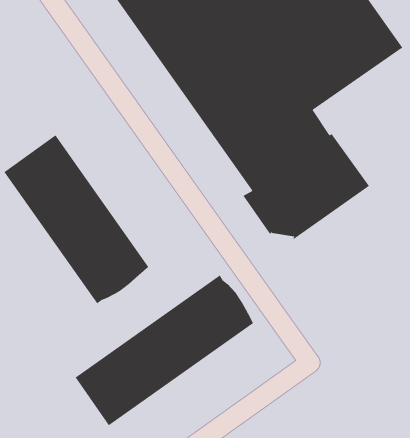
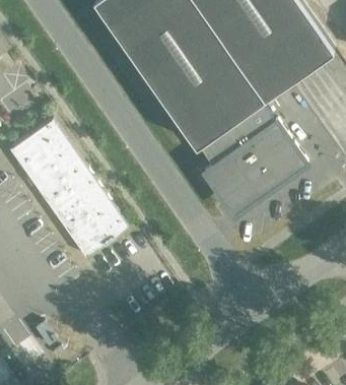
building: [75,275,254,426] -> none

